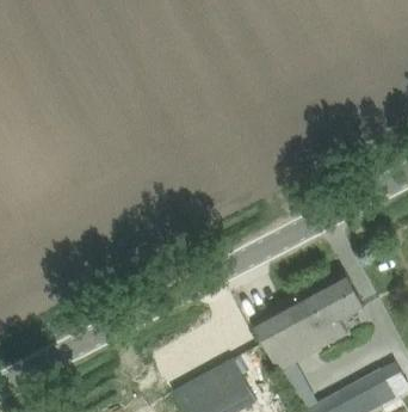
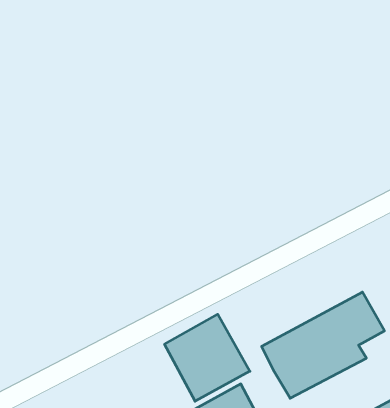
building: none -> [165,314,250,401]

